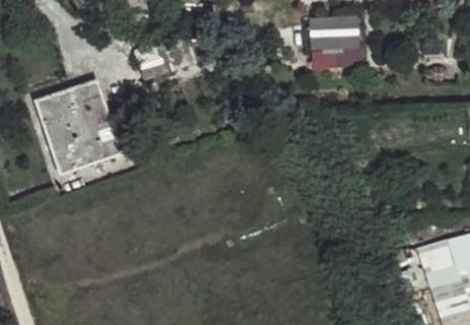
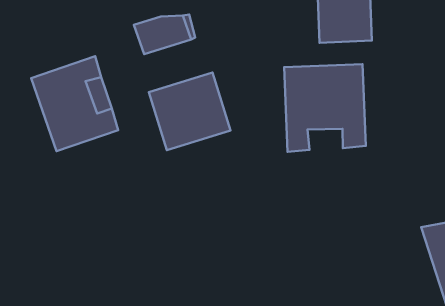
building: none -> [284,64,366,152]
building: none -> [149,72,231,150]

